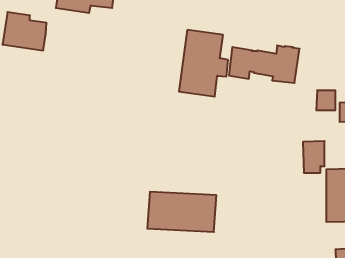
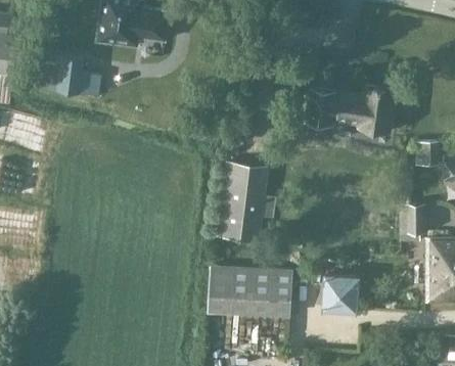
building: [179,30,228,97] -> [216,162,276,243]
building: none -> [324,276,359,311]

